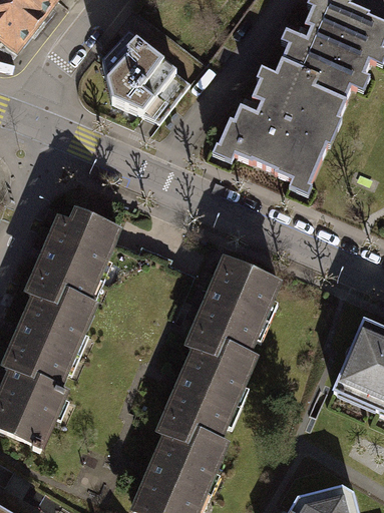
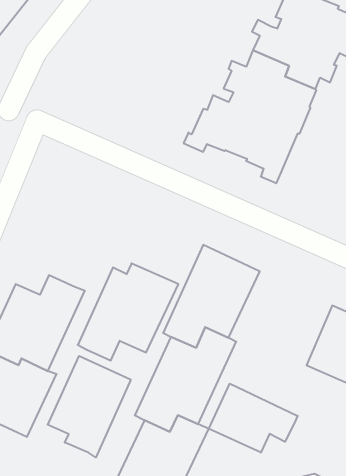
building: [98,32,186,119] -> none
building: [25,207,128,307] -> [78,263,178,360]
building: none -> [48,356,131,457]
building: none -> [209,384,298,453]

